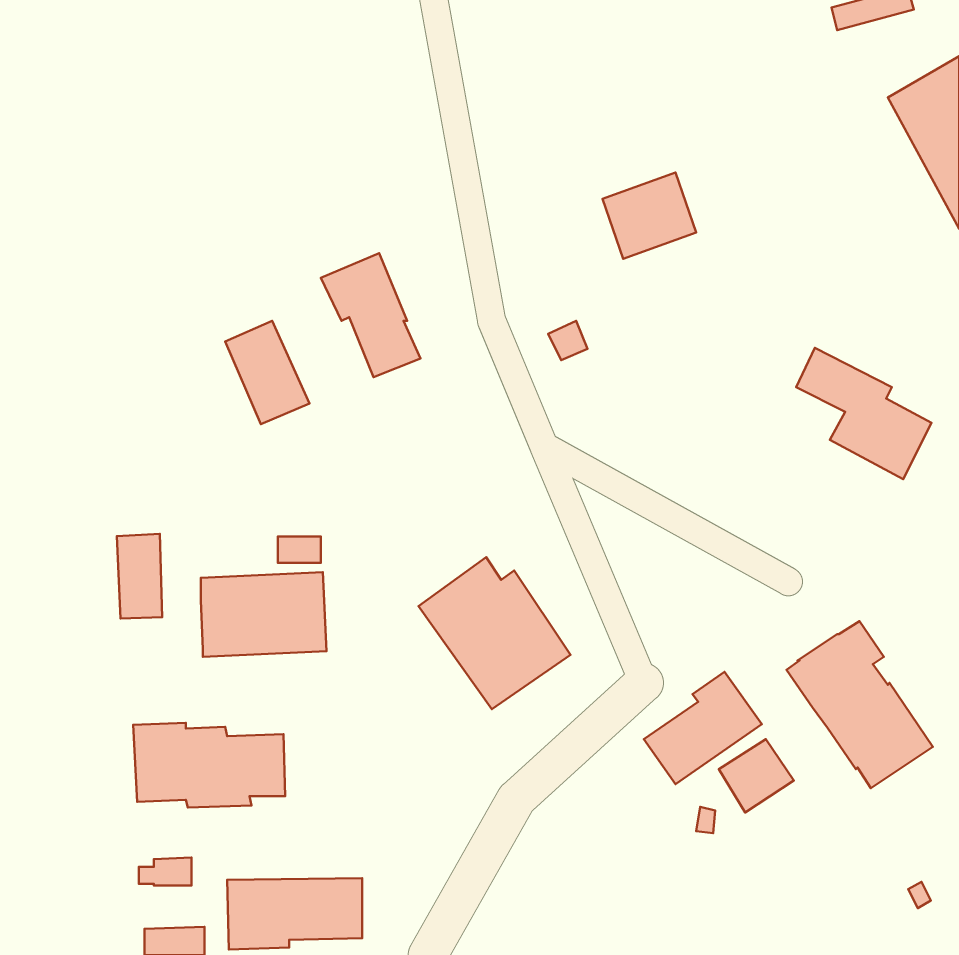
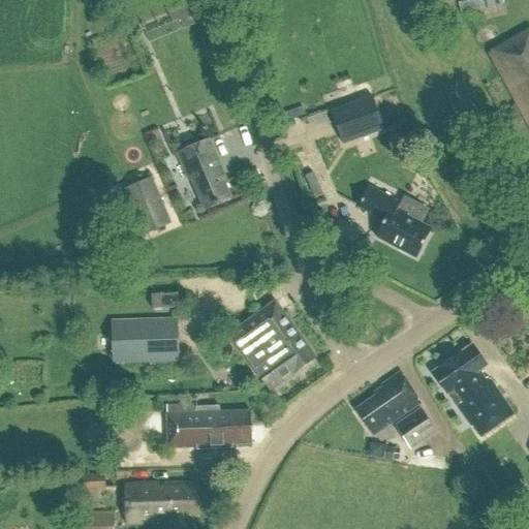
building: [796,348,931,479] -> [357,186,432,258]
building: [117,534,162,619] -> none
building: [133,723,285,807] -> [167,402,251,448]

